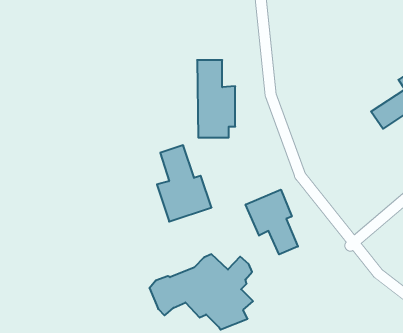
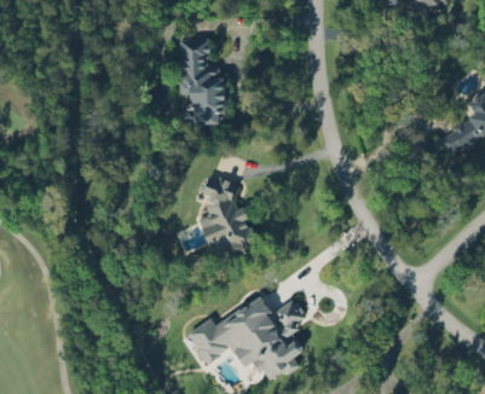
building: [197,60,235,138] -> [181,39,224,124]
building: [246,190,298,254] -> none

